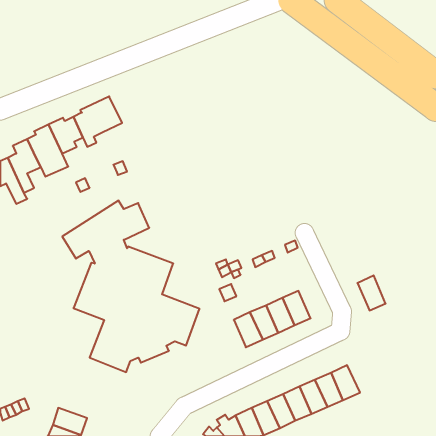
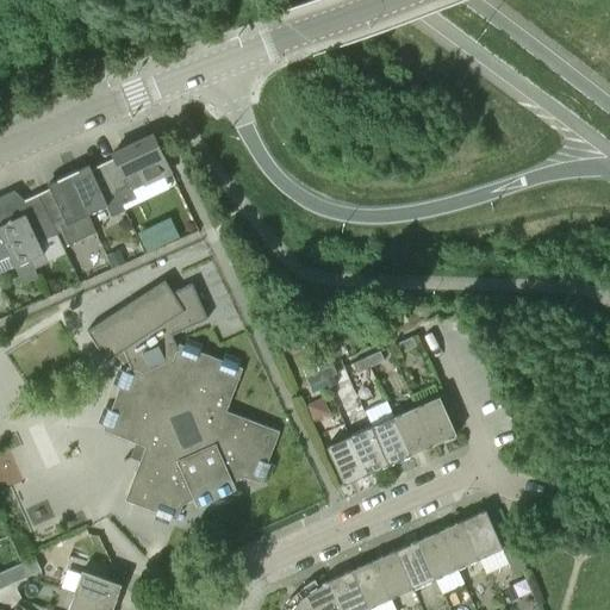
building: [357,275,386,310] -> [417,396,456,444]

